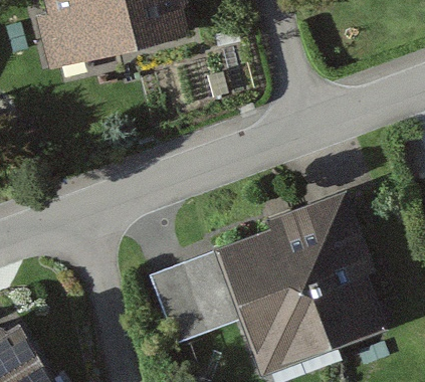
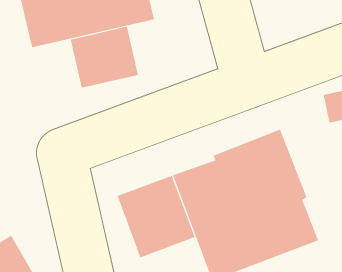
building: none -> [70,26,139,89]

